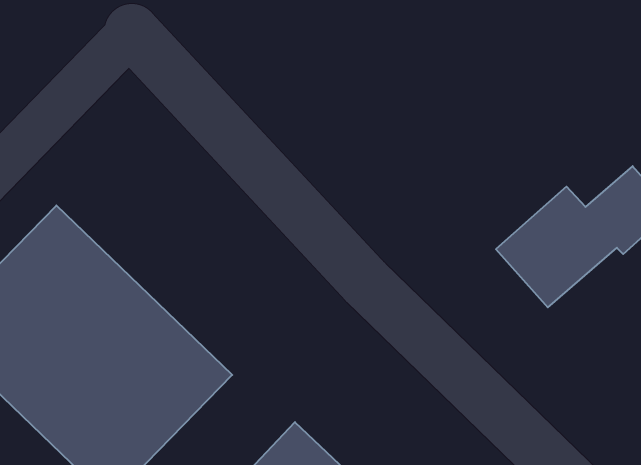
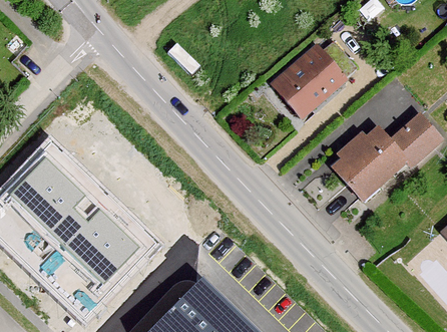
building: none -> [269,34,357,120]

